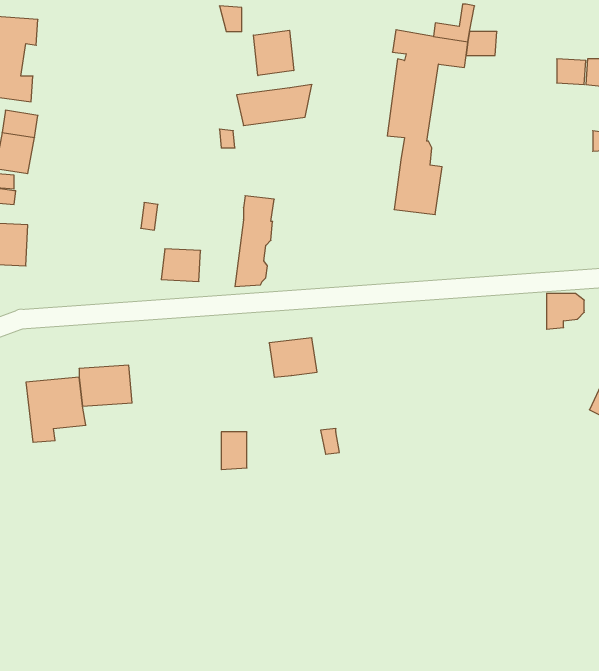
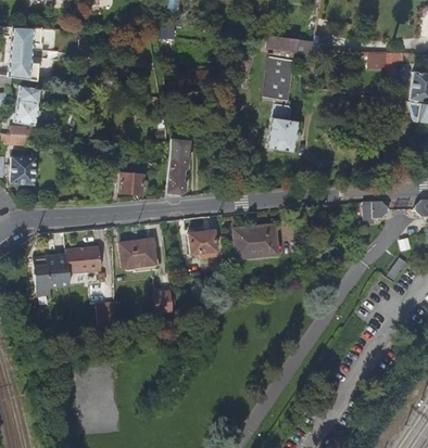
building: [253,30,294,76] -> none
building: none -> [234,225,276,257]
building: none -> [121,239,155,267]

